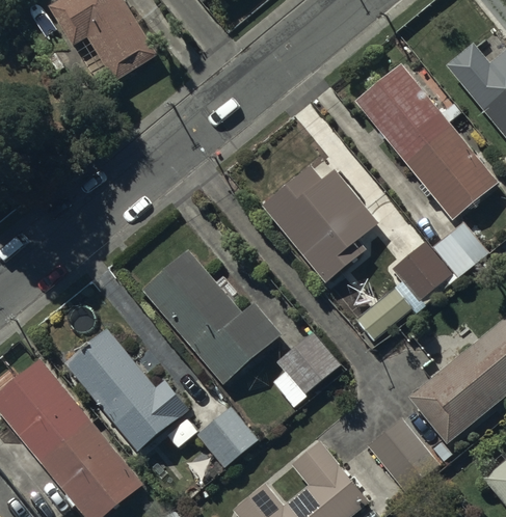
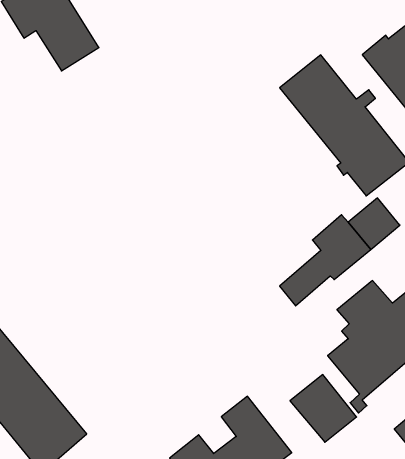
building: [262,165,379,282] -> none
building: [142,249,282,384] -> none
building: [64,328,188,451] -> none
building: [272,331,341,407] -> none
building: [197,406,258,467] -> none

